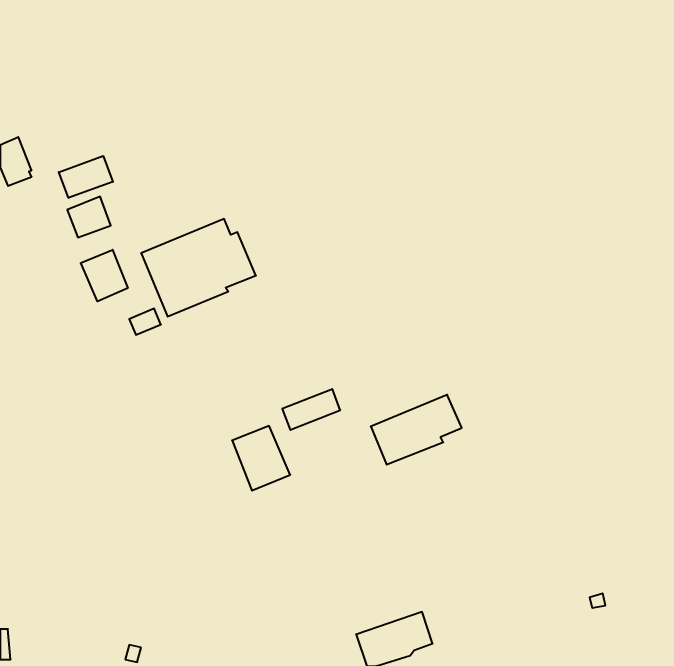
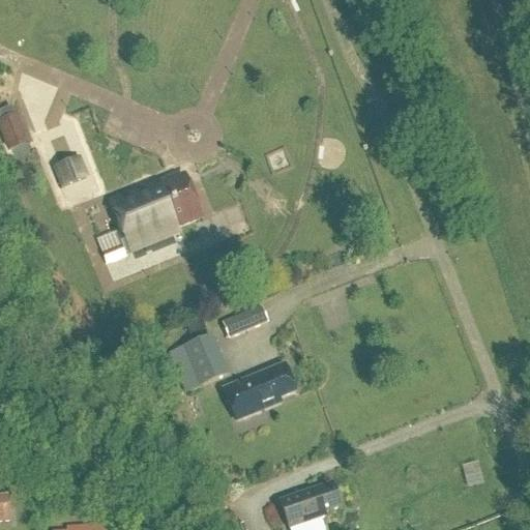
building: [59,156,113,198] -> none
building: [81,250,128,301] -> none
building: [371,395,462,465] -> [224,362,295,417]

